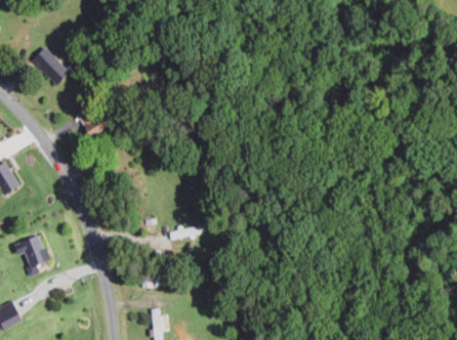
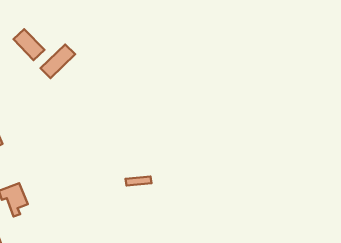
building: none -> [40,44,75,78]

